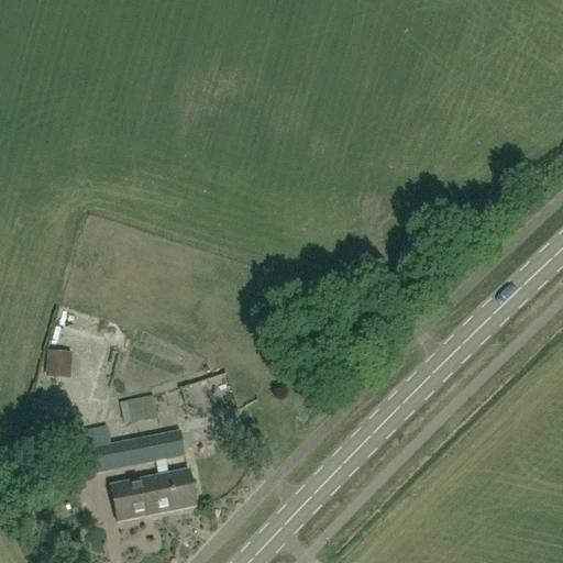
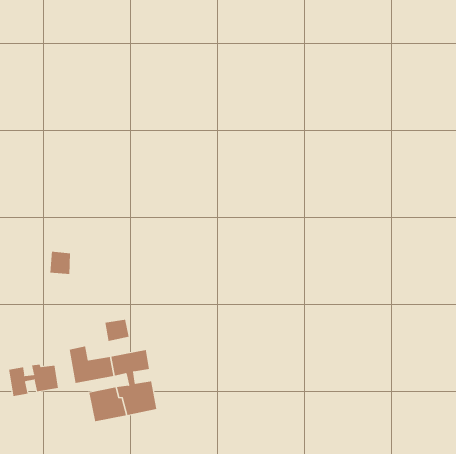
building: [46,350,73,378] -> [50,251,71,274]
building: none -> [9,364,58,397]

